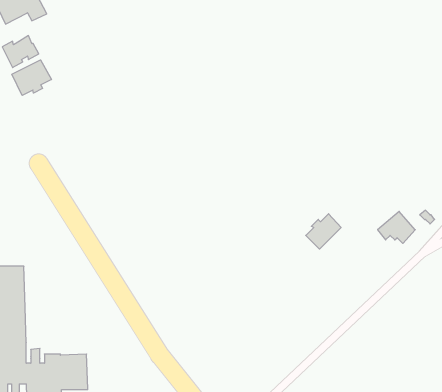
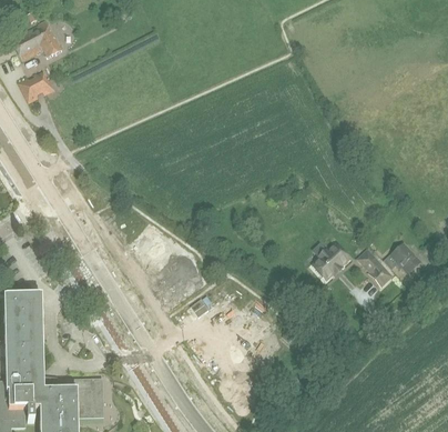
building: [12,60,51,95] -> none
building: none -> [355,250,393,287]

